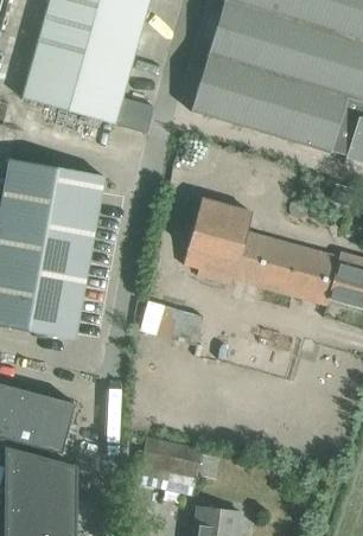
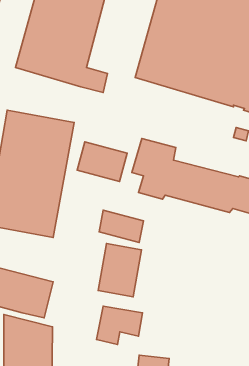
building: none -> [77,142,127,182]
building: none -> [98,244,142,297]

